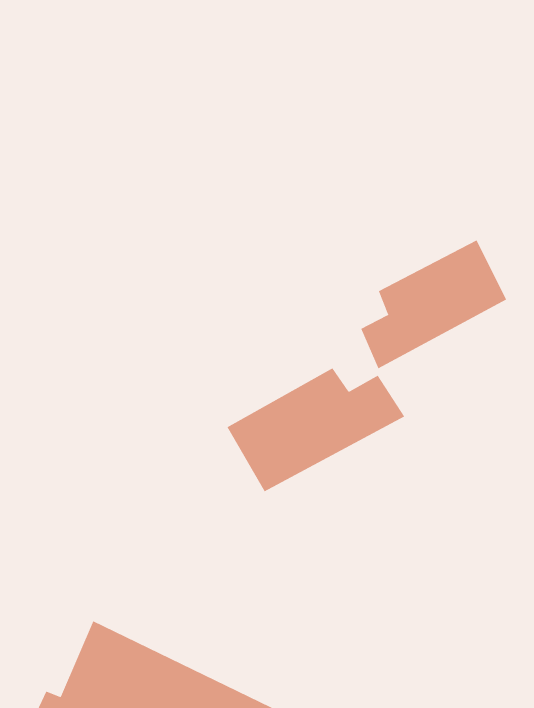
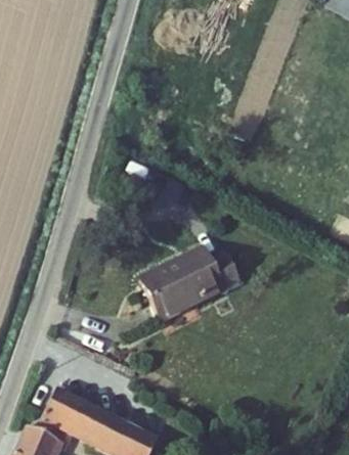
building: [361,240,507,369] -> none

